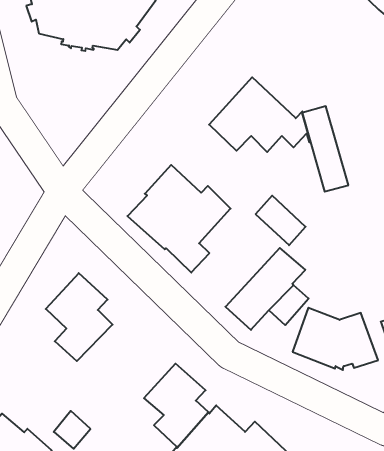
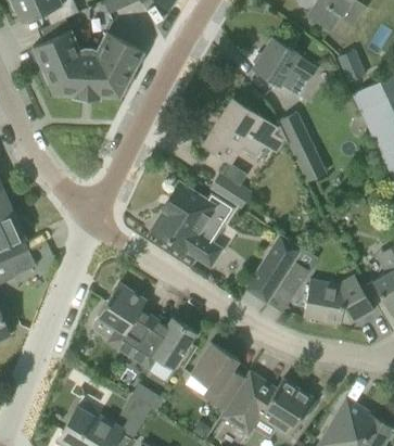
building: none -> [252,38,317,97]
building: [256,196,306,245] -> [209,171,252,209]
building: none -> [130,318,196,370]

